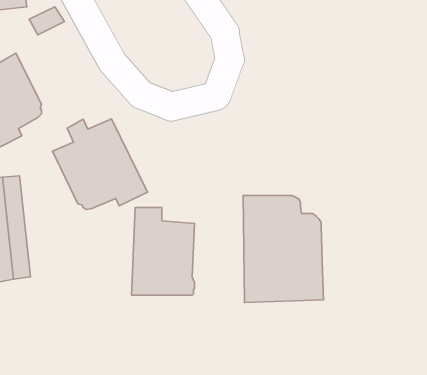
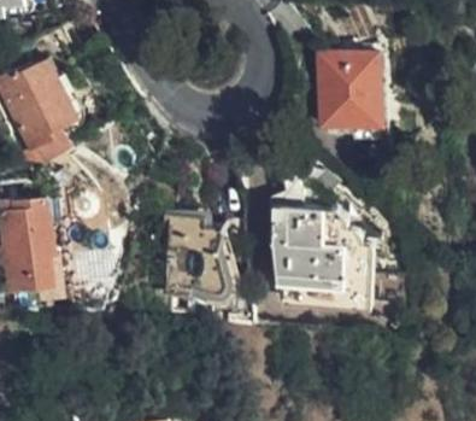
building: none -> [312,53,377,128]
building: [53,119,148,210] -> none

